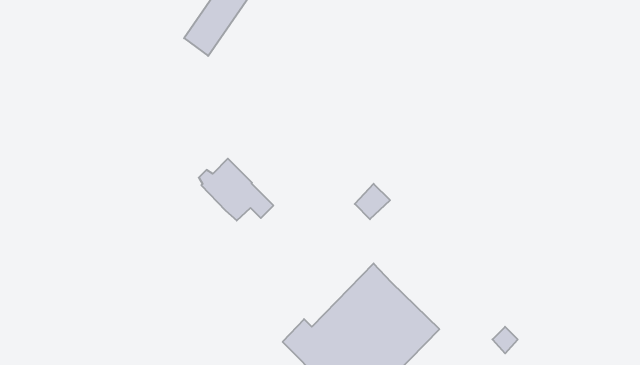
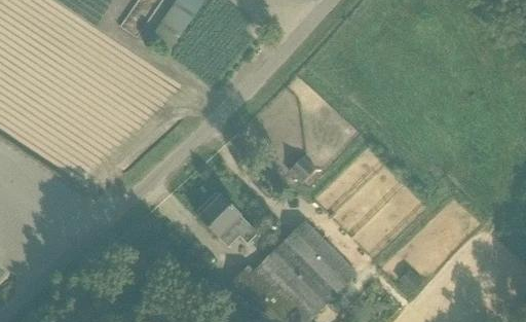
building: [199,159,273,221] -> [197,192,258,243]

